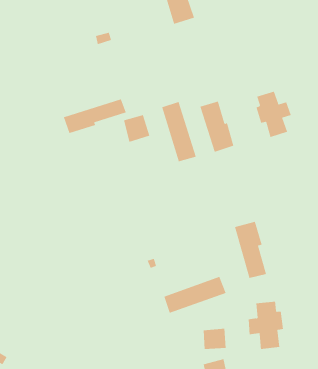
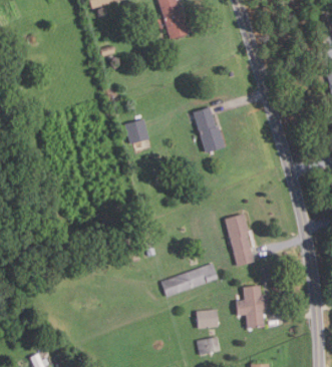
building: [256,91,292,138] -> none
building: [63,98,126,134] -> none
building: [162,101,196,162] -> none

